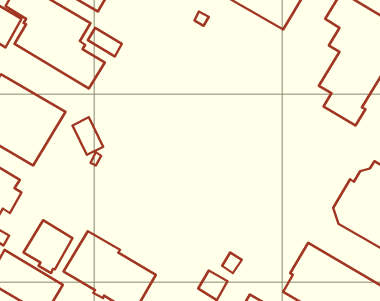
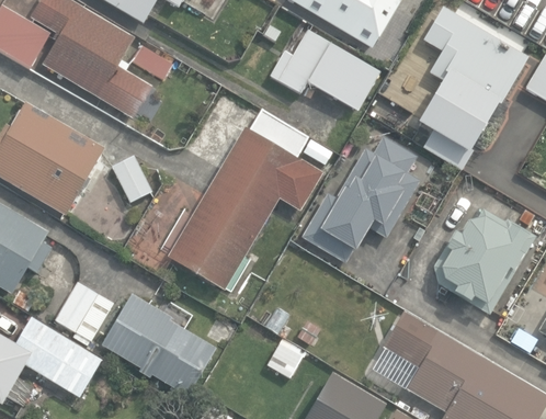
building: none -> [271,31,380,111]
building: none -> [162,105,321,290]
building: none -> [302,137,420,264]

